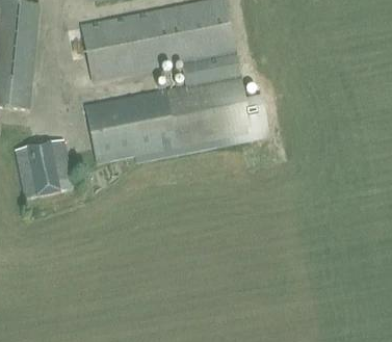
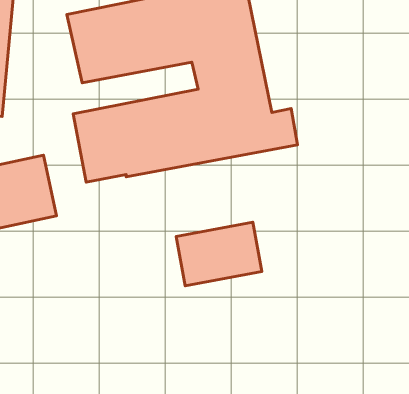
building: none -> [176,222,262,286]

